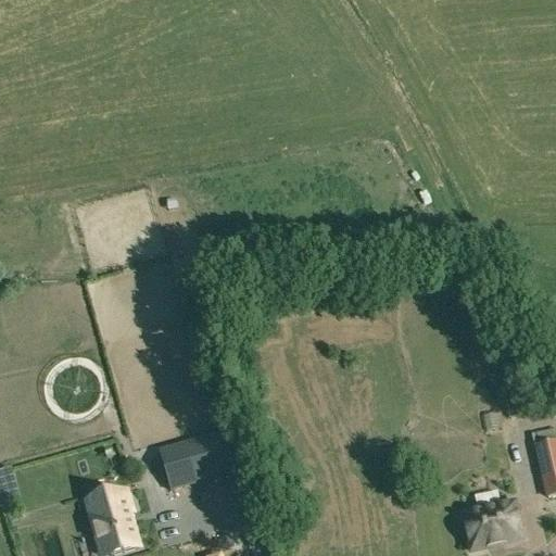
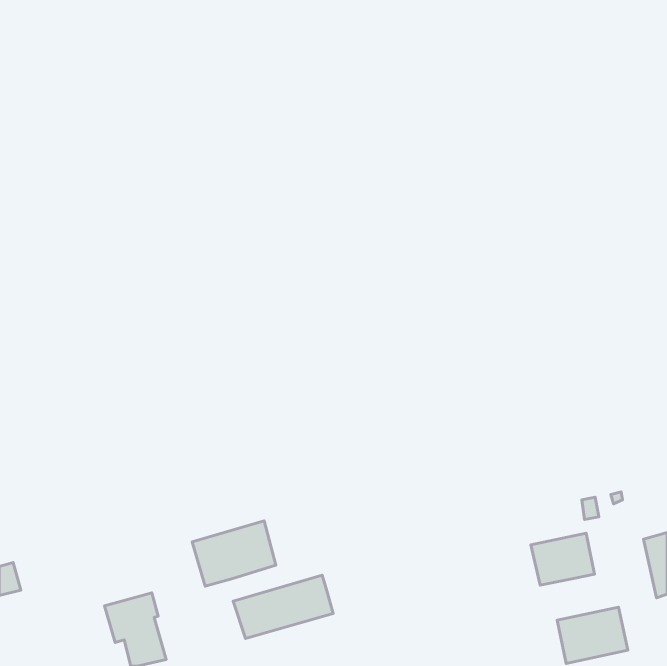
building: none -> [531,533,595,585]
building: none -> [233,575,333,638]

